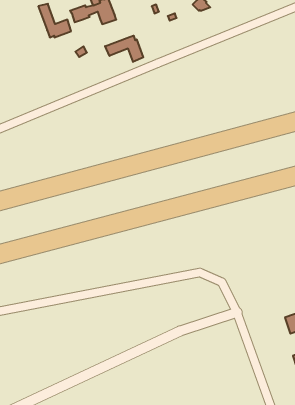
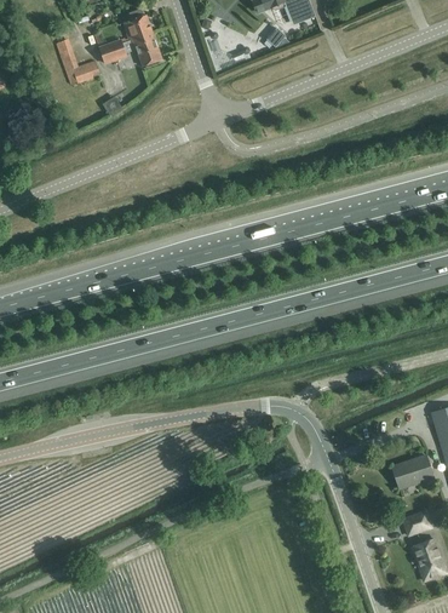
building: [105,36,143,62] -> none

